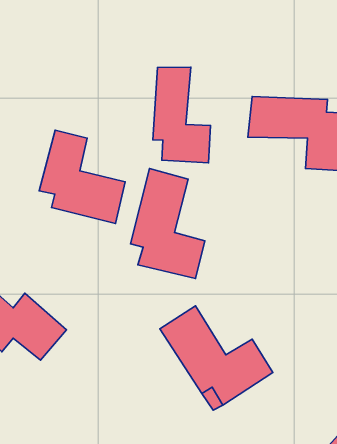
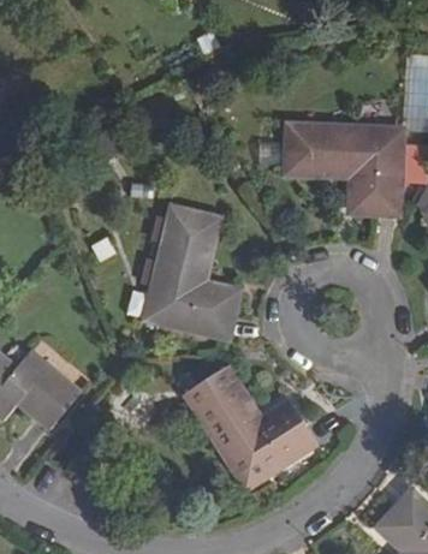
building: [153,67,210,163] -> none
building: [39,130,125,223] -> none

